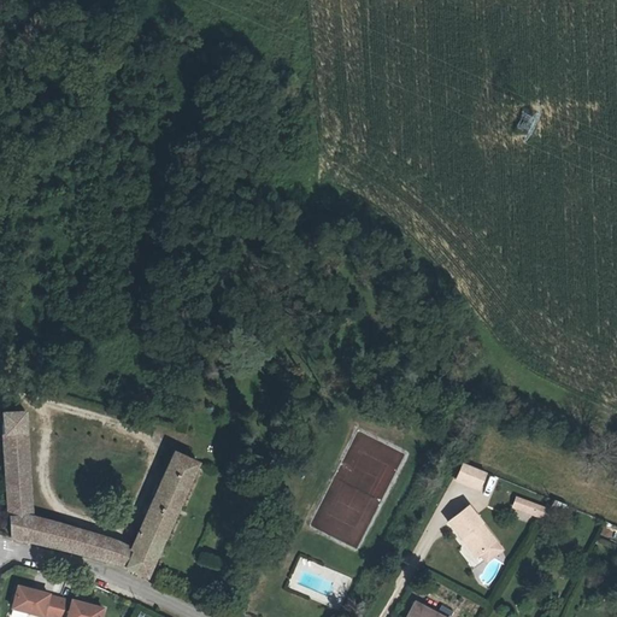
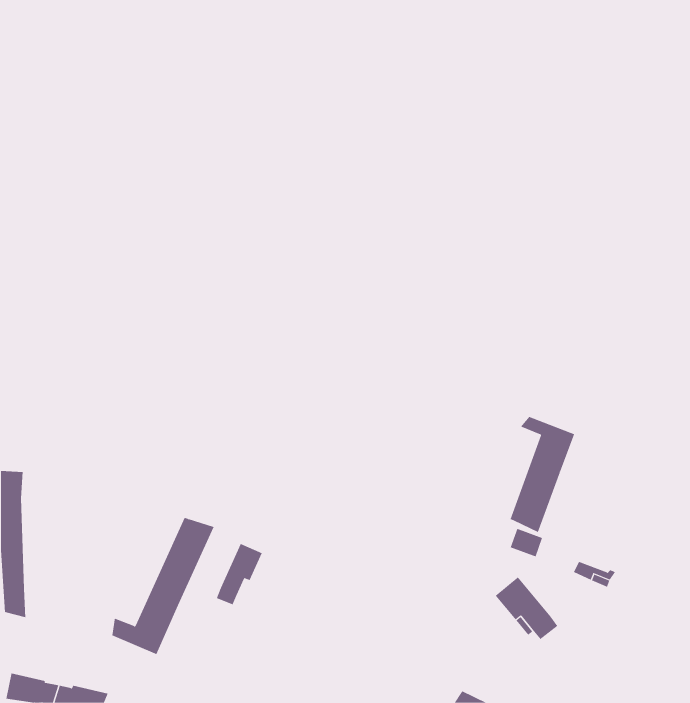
building: none -> [510,416,575,533]
building: none -> [216,543,262,605]
building: [33,516,111,562] -> none

